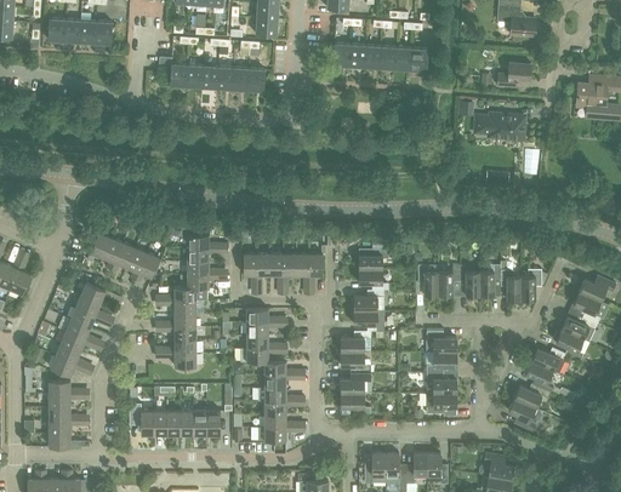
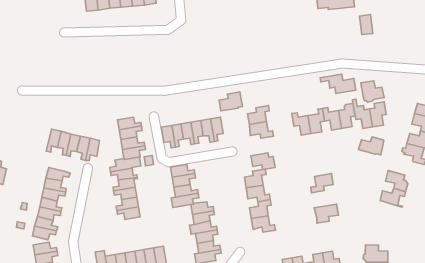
building: none -> [320,74,356,93]
building: none -> [361,81,384,102]
building: [354,290,383,310] -> [219,92,242,111]
building: [426,331,456,351] -> none
building: [531,347,566,372] -> [359,137,384,155]
building: [426,372,456,393] -> none
building: [508,397,542,430] -> none

